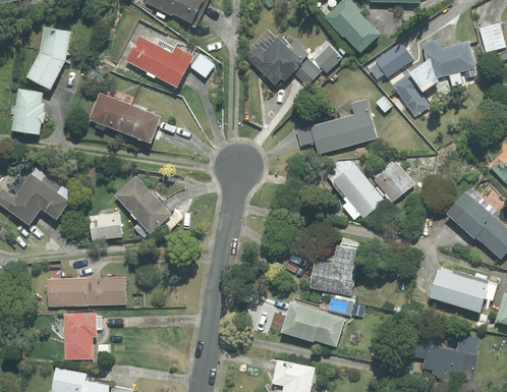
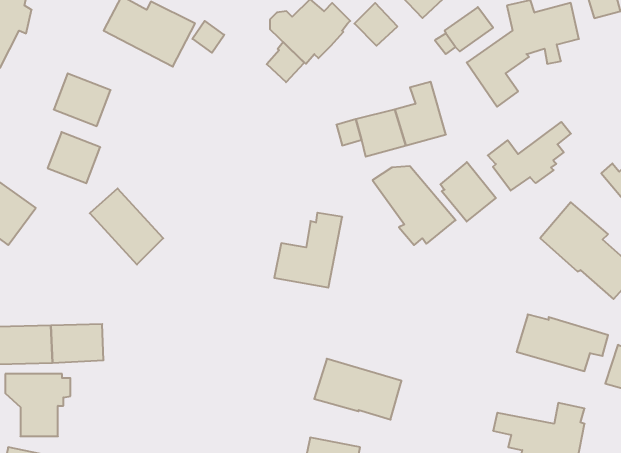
building: [292,56,320,86] -> [267,42,304,82]
building: [120,105,159,143] -> [48,132,100,183]
building: none -> [488,122,571,191]
building: [89,213,120,240] -> none
building: [309,239,359,294] -> [274,213,342,288]

